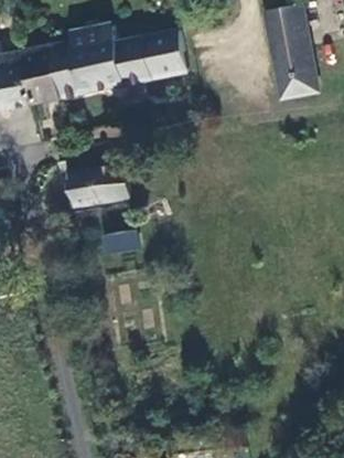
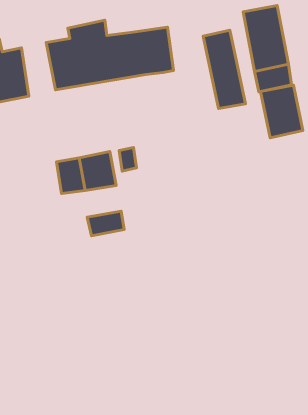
building: none -> [203,30,246,109]
building: [24,46,61,128] -> none
building: none -> [260,85,303,138]

